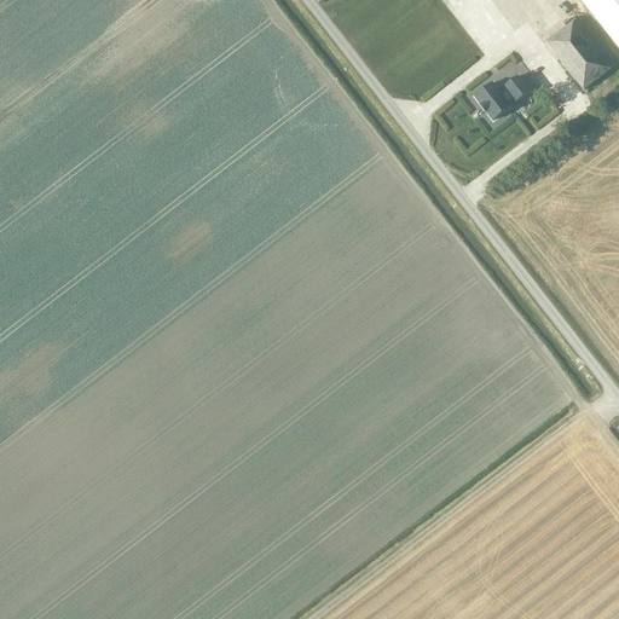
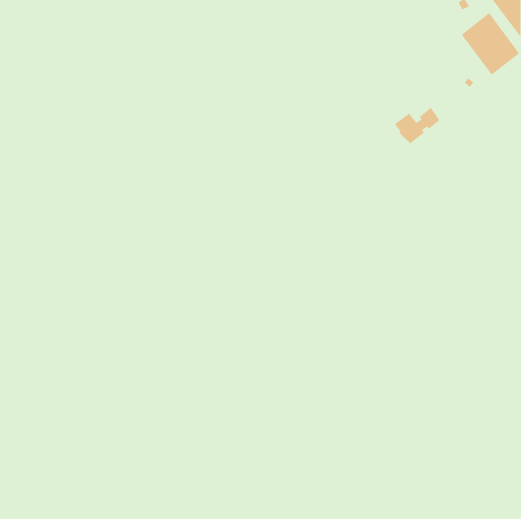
building: [475,74,530,118] -> [394,107,440,145]

